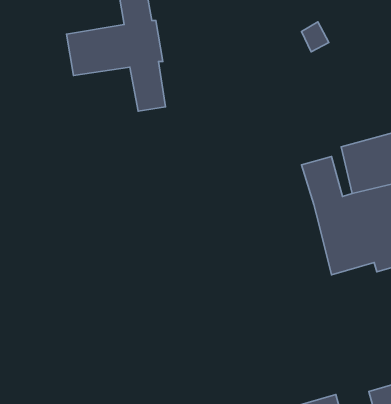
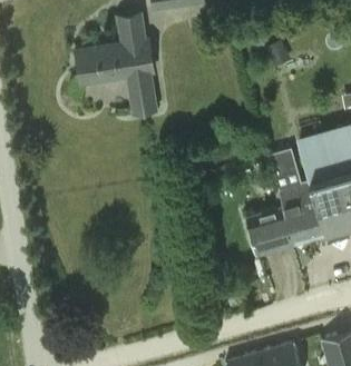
building: none -> [245,206,291,255]

